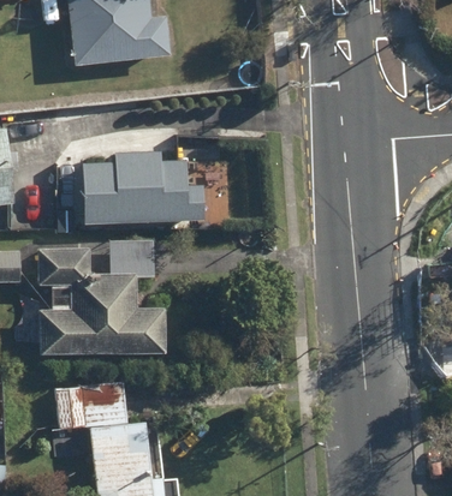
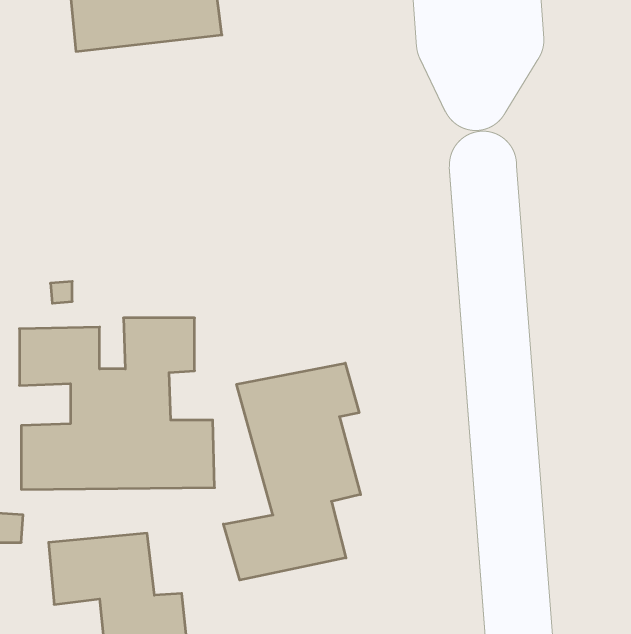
building: [82,153,224,223] -> none
building: none -> [223,363,361,580]

